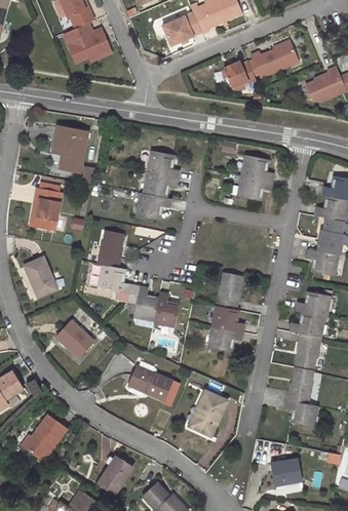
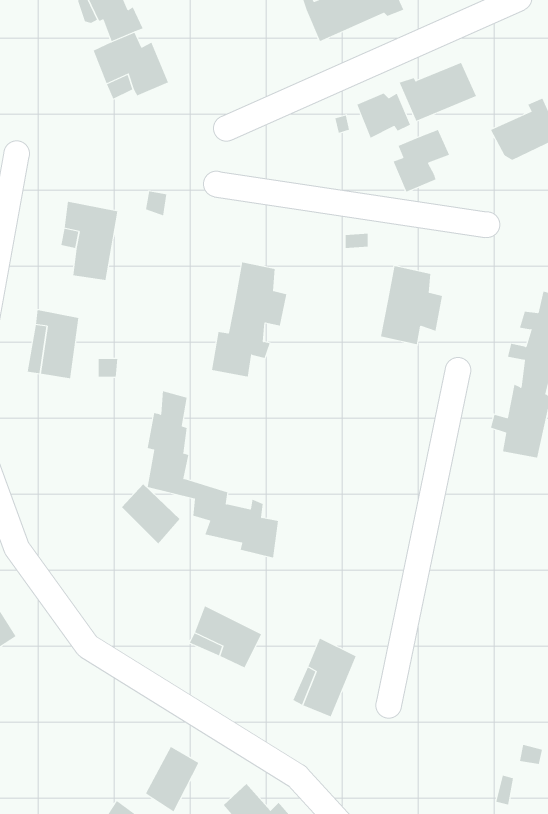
building: [165,6,206,40] -> none
building: none -> [393,129,450,193]
building: [22,261,55,301] -> none
building: [206,282,246,363] -> none
building: [282,293,335,431] -> none
building: [56,320,92,357] -> [121,484,180,545]
building: [21,412,65,460] -> none
building: [268,453,303,481] -> none

